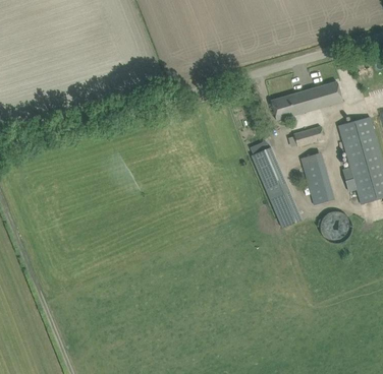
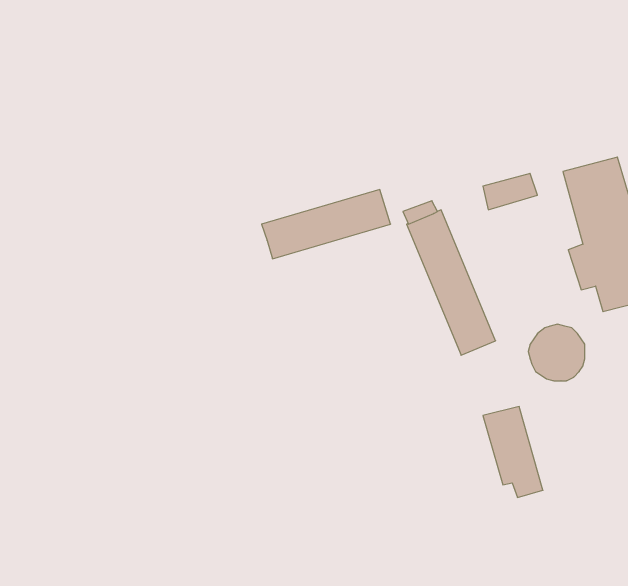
building: [270,81,342,120] -> [262,190,391,259]
building: [303,161,336,211] -> [483,407,543,497]

